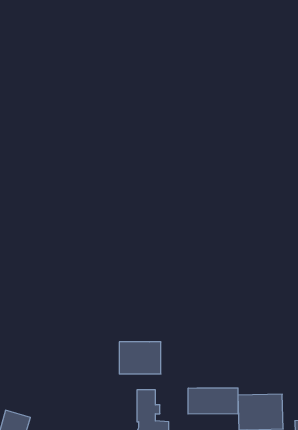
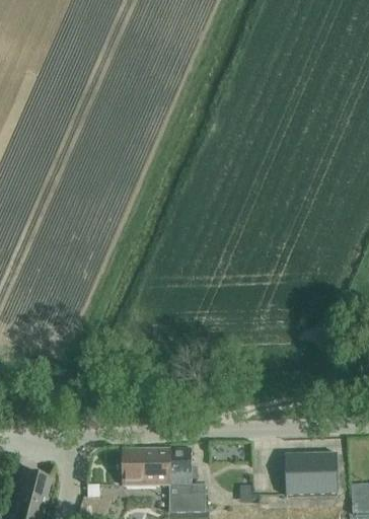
building: [119,342,161,374] -> [123,448,170,485]
building: [188,388,238,414] -> none

